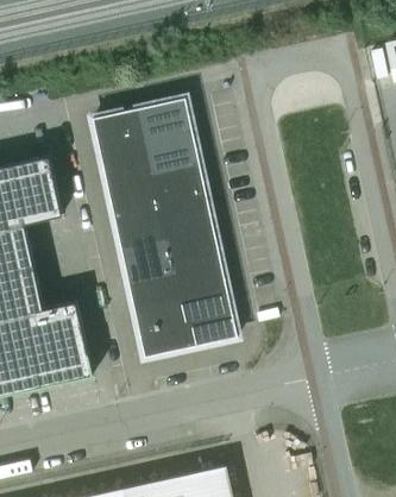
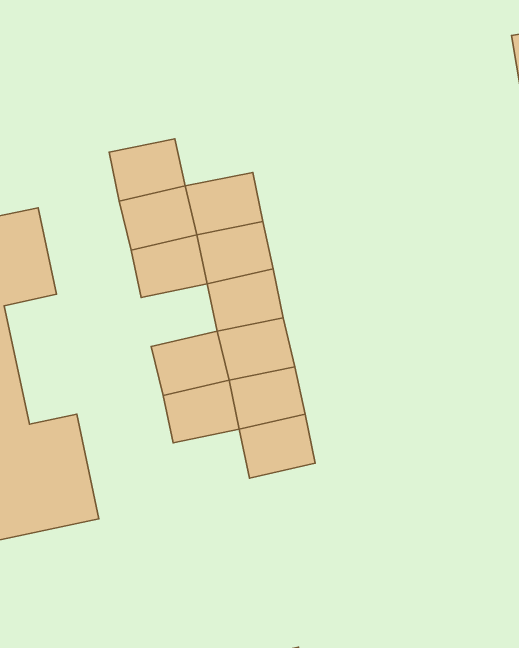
building: [139,99,194,143] -> none
building: [115,212,169,256] -> none
building: [138,314,191,358] -> none

